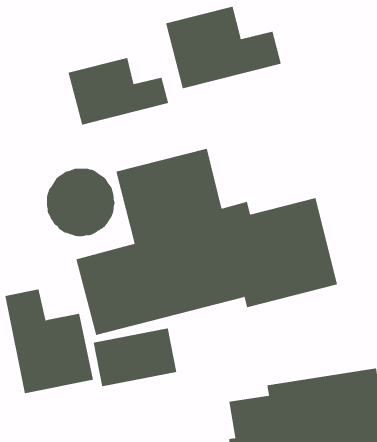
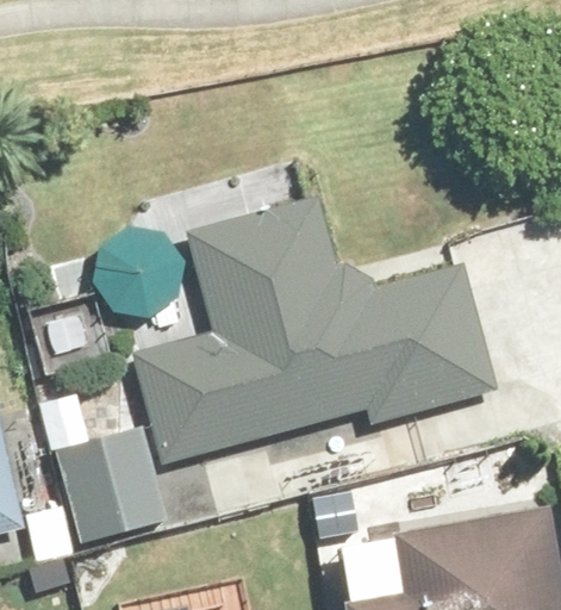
building: [165,6,281,89] -> none
building: [68,57,169,126] -> none

